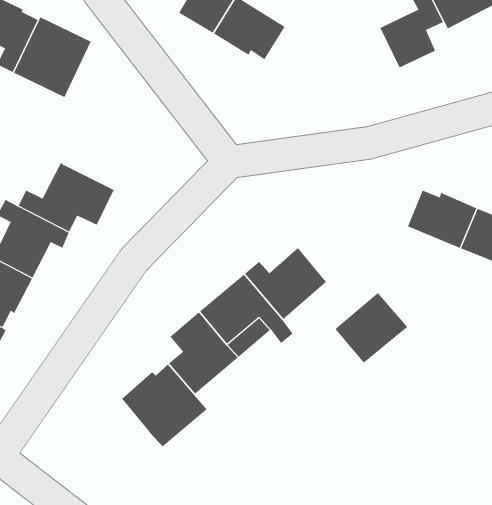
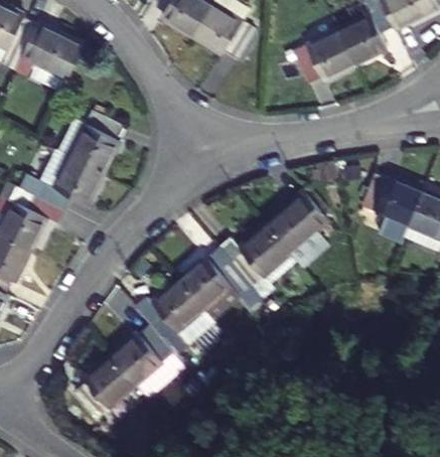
building: none -> [290,31,352,86]
building: none -> [58,109,124,173]
building: [335,292,408,363] -> [264,191,328,254]
building: none -> [72,356,134,419]

